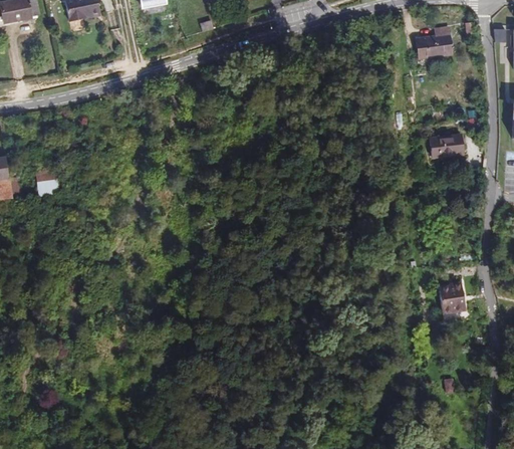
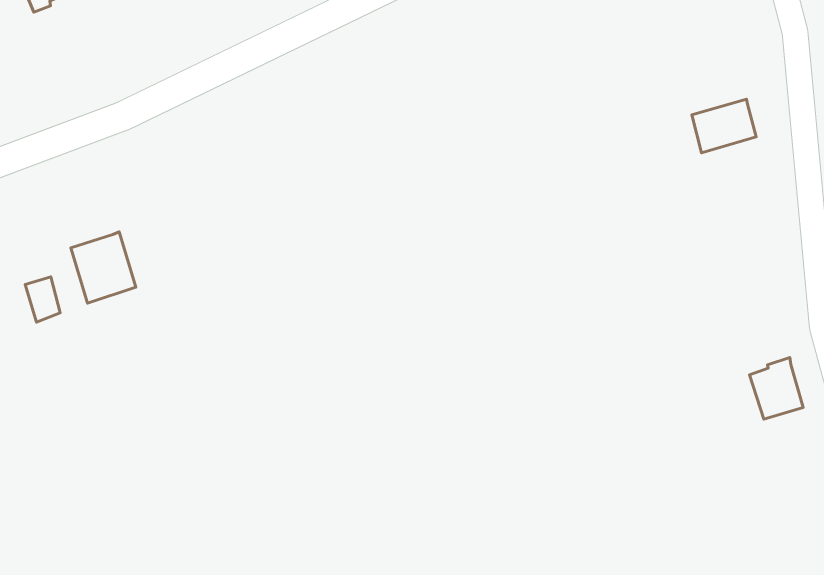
building: none -> [71,232,136,303]

